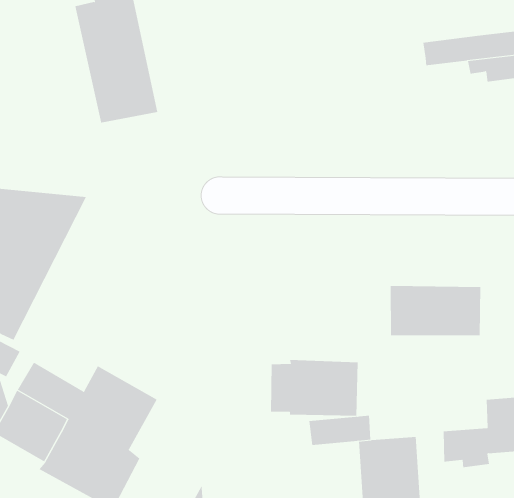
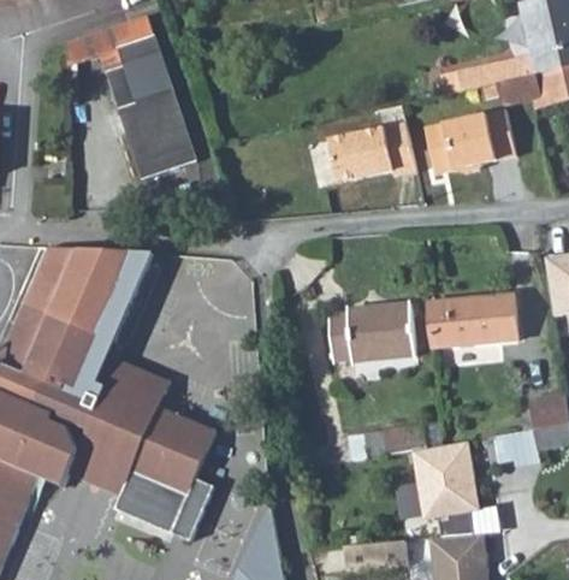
building: none -> [421,110,512,173]
building: none -> [326,122,413,182]
building: none -> [101,357,172,428]
building: [270,359,359,416] -> [328,303,414,359]

